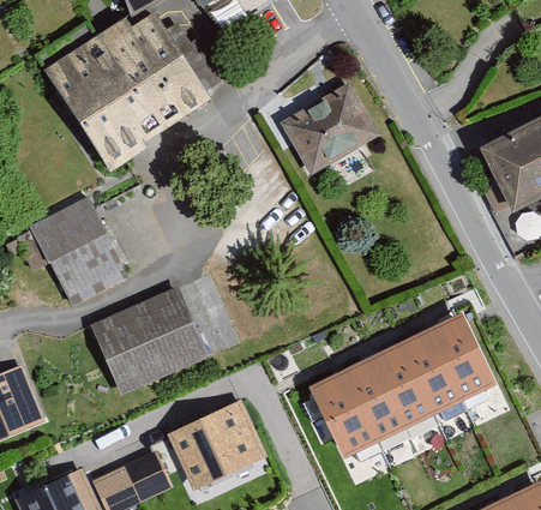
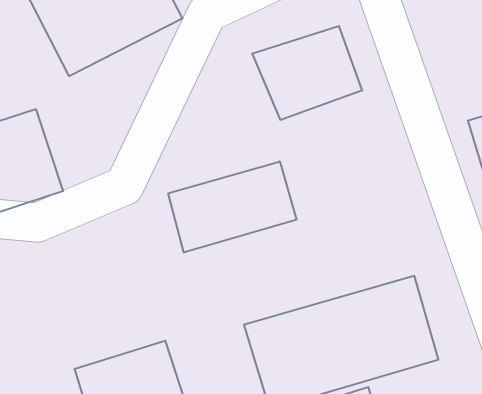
building: none -> [168,161,297,253]
building: [91,289,209,401] -> none

